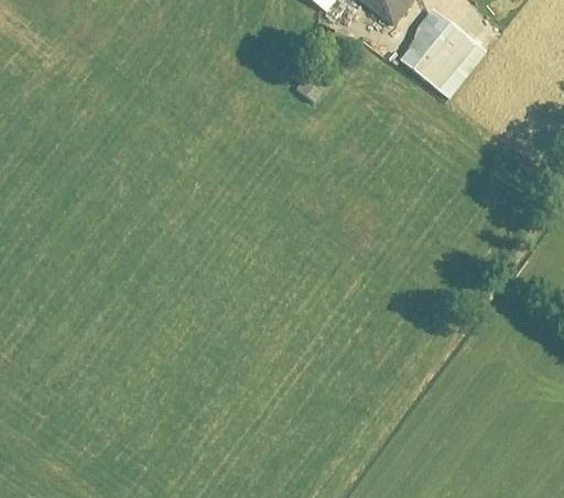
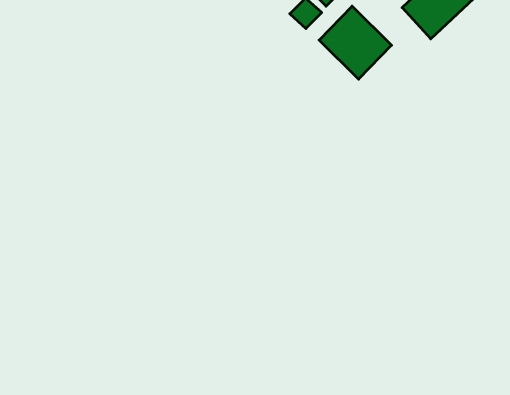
building: none -> [319,6,392,79]

